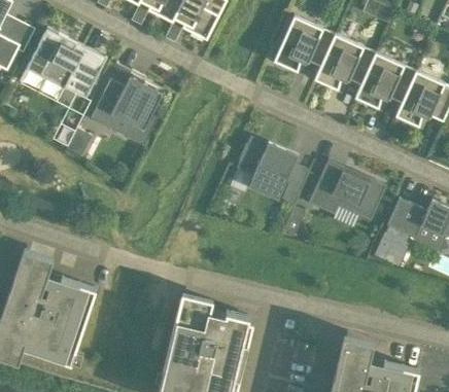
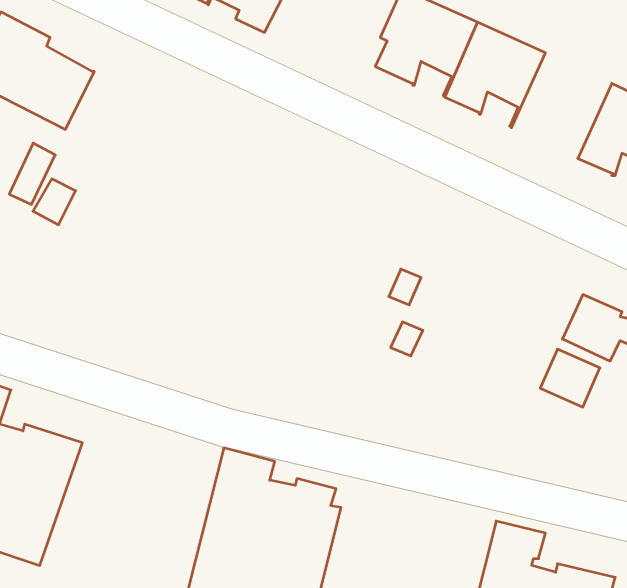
building: [355,52,416,116] -> none
building: [91,75,163,133] -> none
building: [236,136,298,201] -> none
building: [308,159,386,215] -> none

